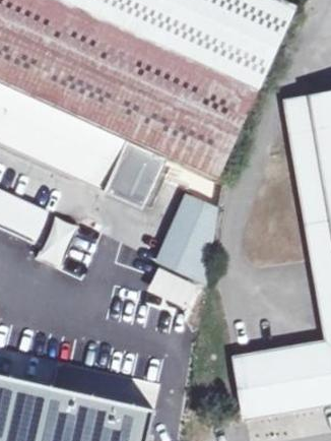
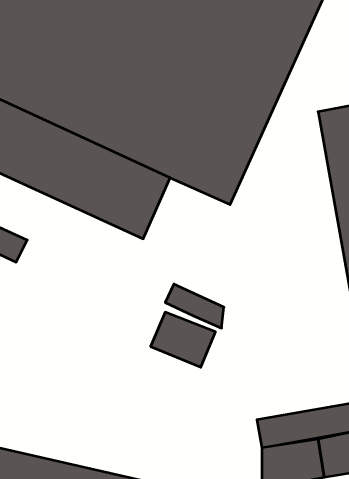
building: [167,197,216,265] -> none

